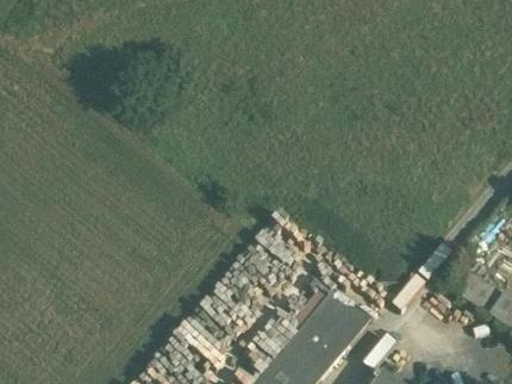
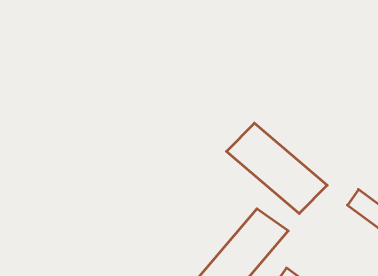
building: none -> [226,123,327,214]

